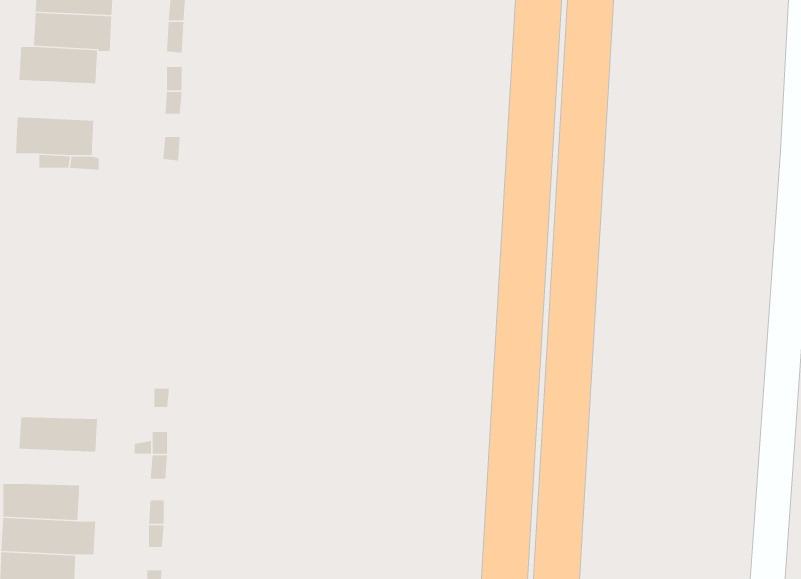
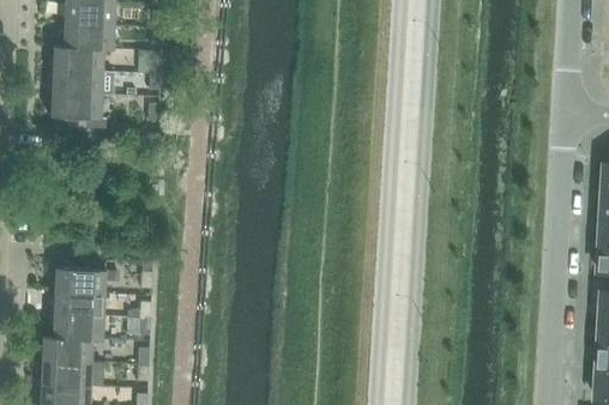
building: none -> [52,69,104,96]
building: none -> [54,270,119,295]
building: none -> [52,315,104,343]

